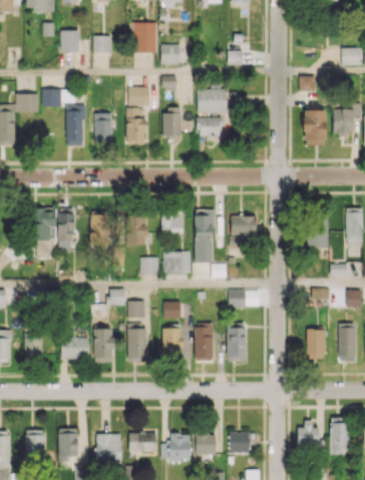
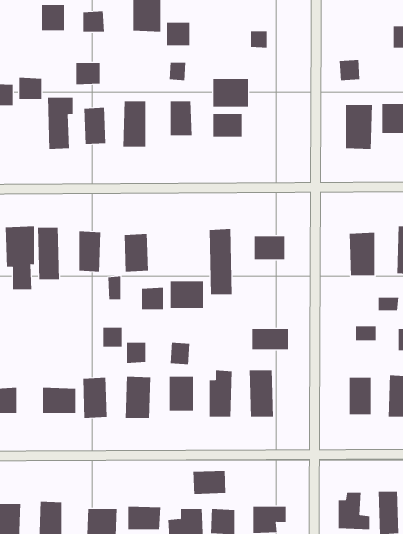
building: [128,87,148,105] -> [76,62,101,85]
building: [161,211,182,231] -> none
building: none -> [193,470,226,495]

